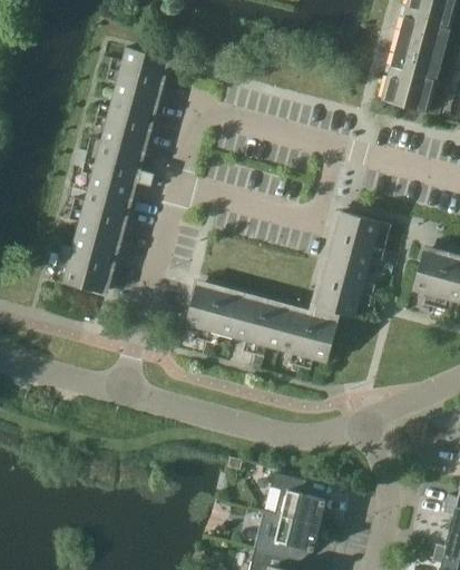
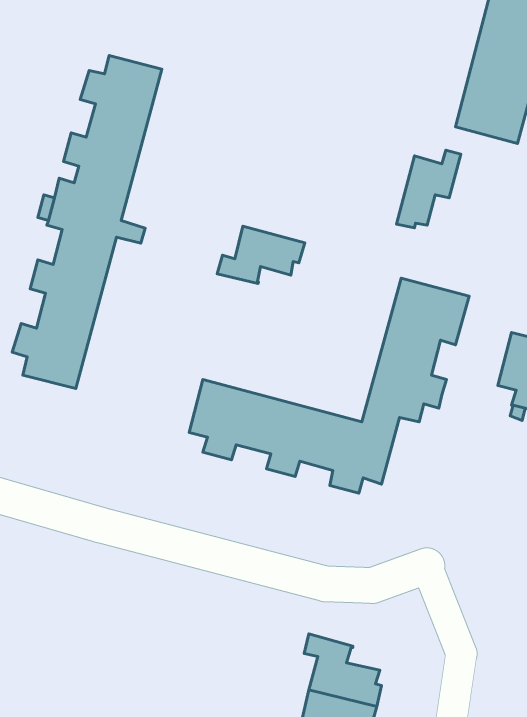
building: none -> [397,150,461,228]
building: none -> [217,226,305,284]

